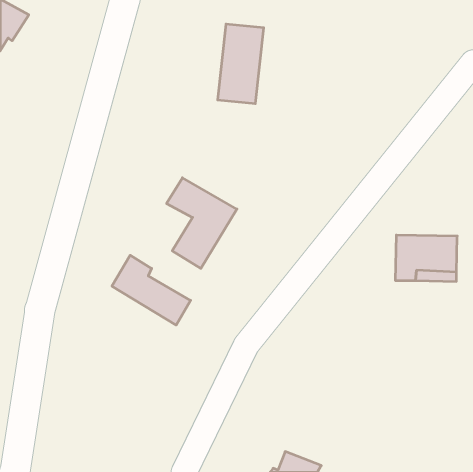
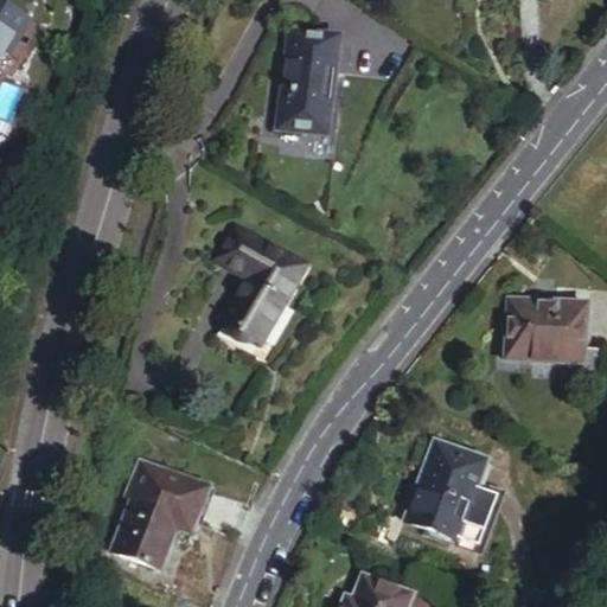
building: [112,255,191,325] -> none
building: none -> [405,442,485,538]
building: none -> [114,465,209,569]

